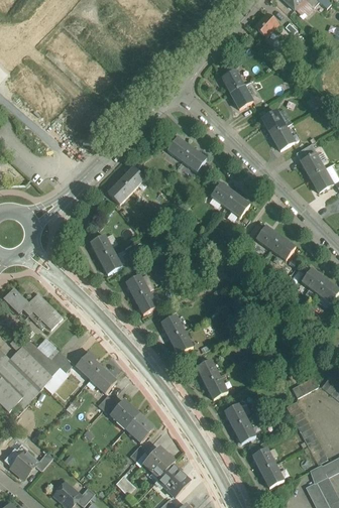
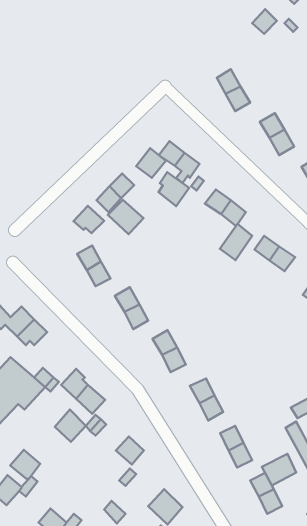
building: none -> [136,148,166,178]
building: none -> [158,172,189,206]
building: none -> [108,200,144,234]
building: none -> [74,206,104,233]
building: none -> [220,224,252,260]
building: [110,399,139,429] -> [55,410,86,442]
building: none -> [10,450,40,479]
building: none -> [262,454,296,486]
building: [143,447,175,478] -> none

